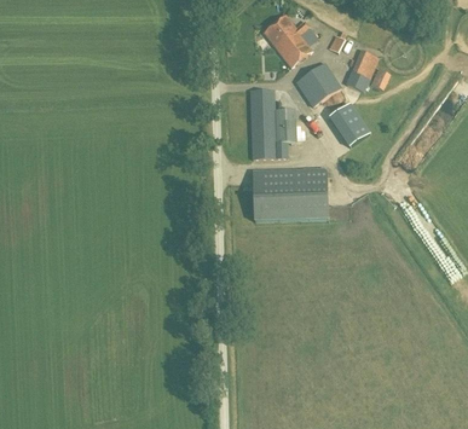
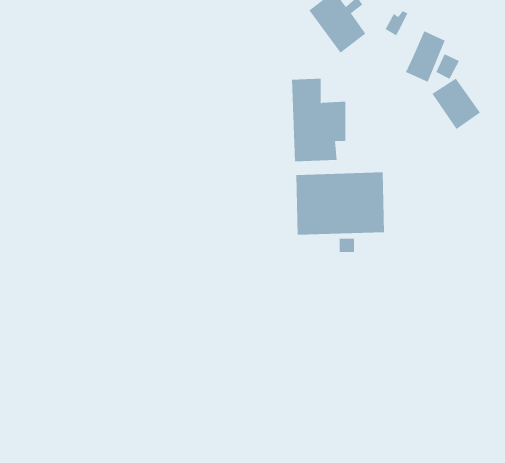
building: [295,62,342,106] -> none
building: [328,104,369,147] -> [432,78,481,130]

